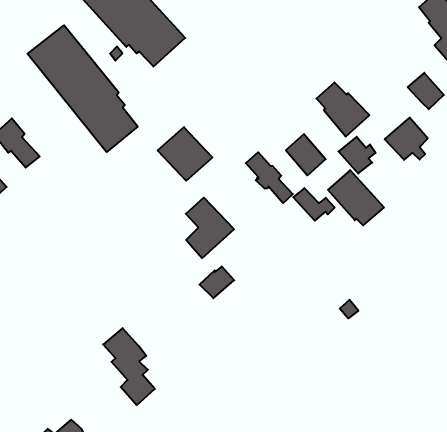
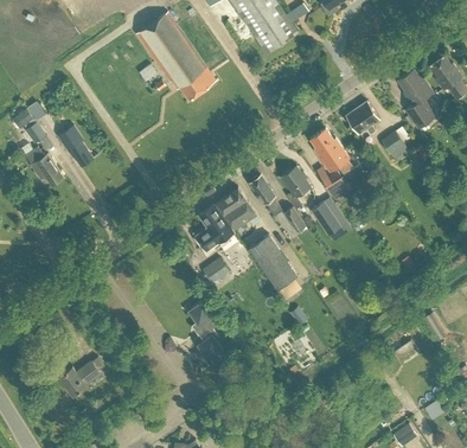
building: [27,25,138,152] -> none
building: [385,118,428,160] -> [346,102,379,135]
building: [158,127,212,181] -> [216,188,257,230]
building: none -> [249,235,298,290]
building: [103,328,155,405] -> [187,301,223,361]

